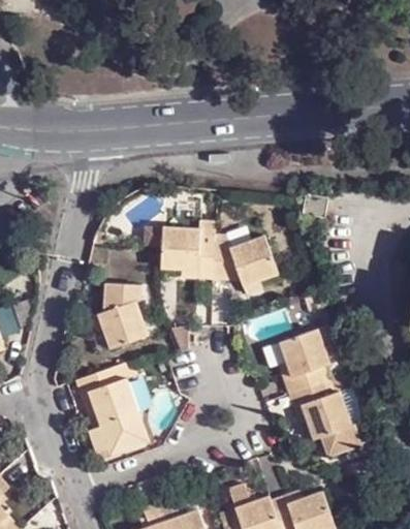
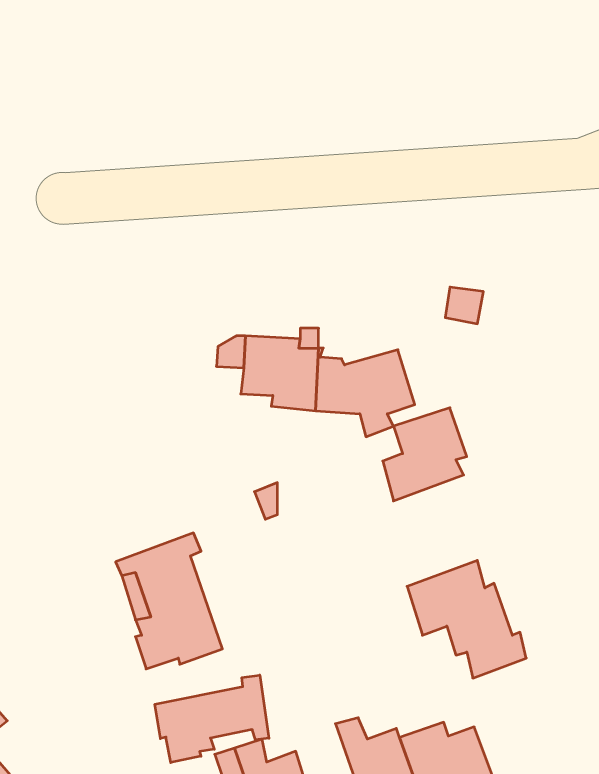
building: [93,281,146,350] -> none
building: [270,335,326,398] -> [383,408,467,501]
building: none -> [155,675,269,763]

